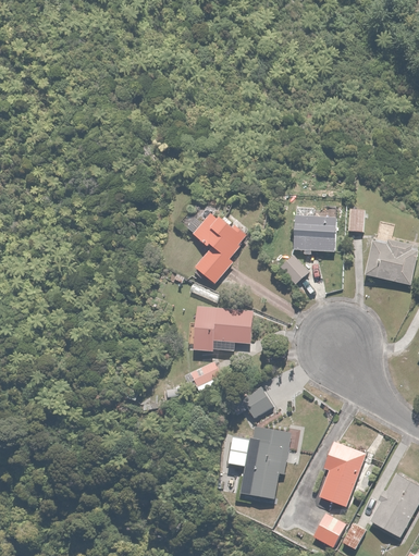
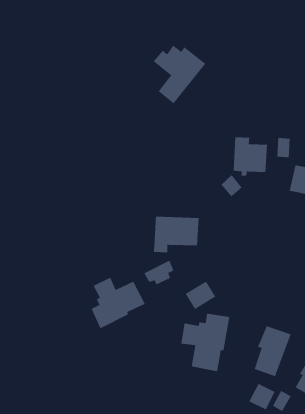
building: [187,209,254,283] -> [153,45,206,104]
building: none -> [91,277,145,329]

